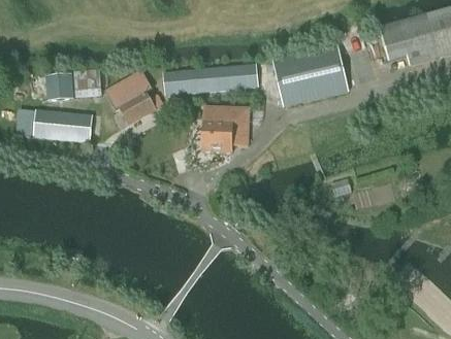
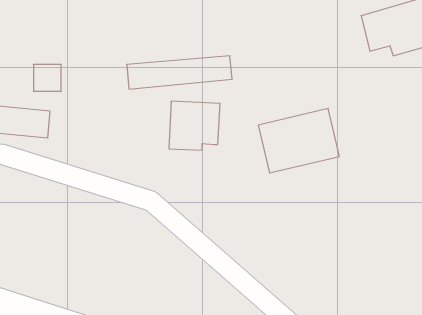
building: [272,45,348,105] -> [258,109,339,173]
building: [104,70,162,122] -> none
building: [49,72,72,97] -> none

